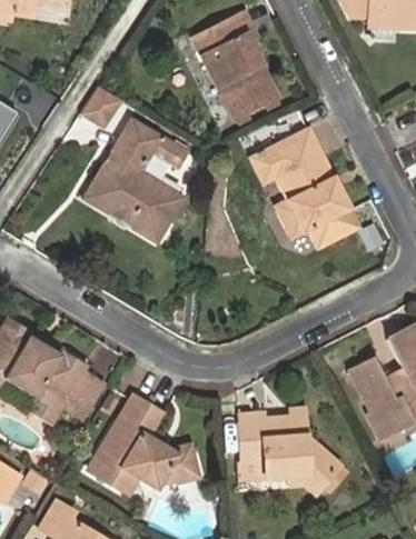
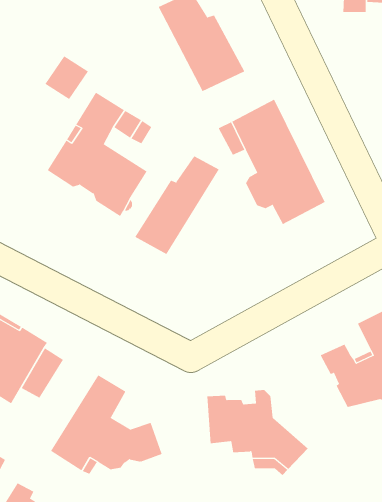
building: none -> [135,156,219,255]

